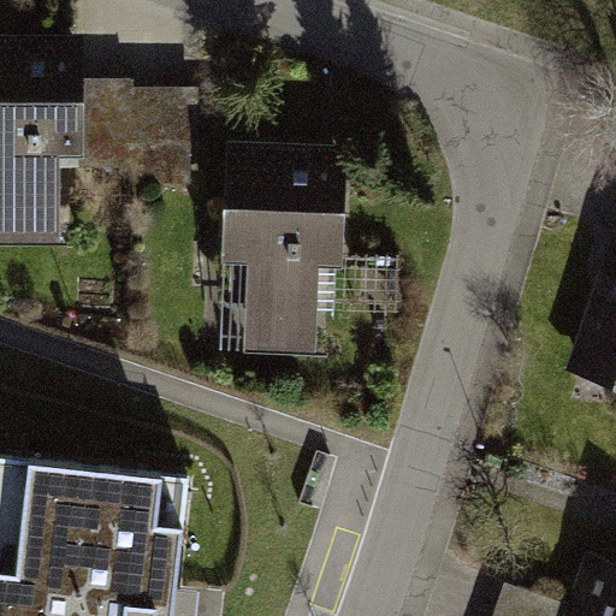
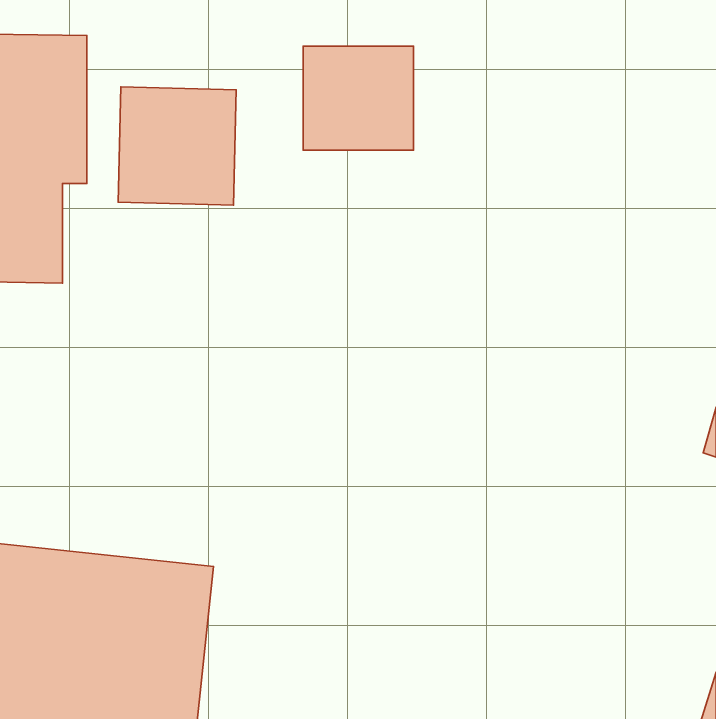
building: none -> [303,46,413,150]
building: [220,150,336,360] -> none

